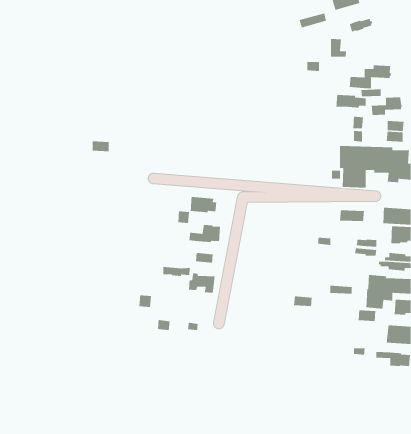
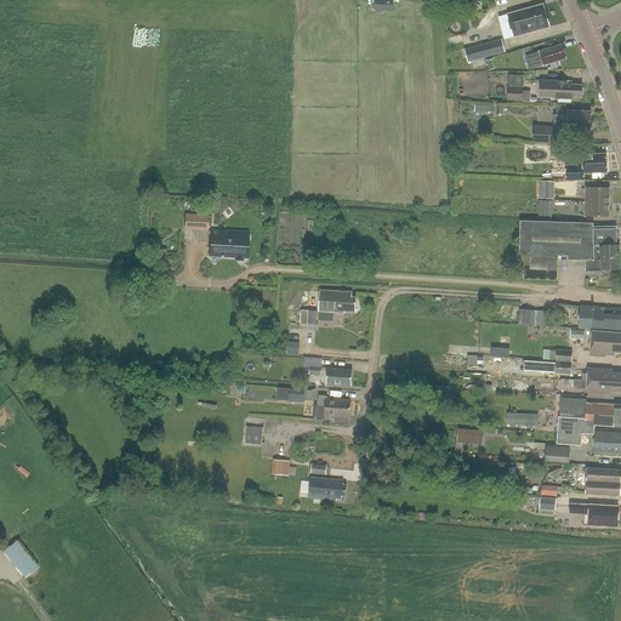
building: [336,94,366,108] -> [540,79,582,98]
building: none -> [209,228,247,257]
building: [188,224,221,243] -> none
building: none -> [304,477,341,498]

